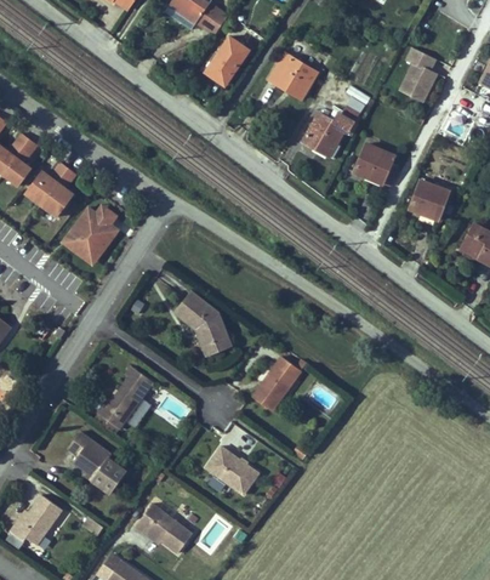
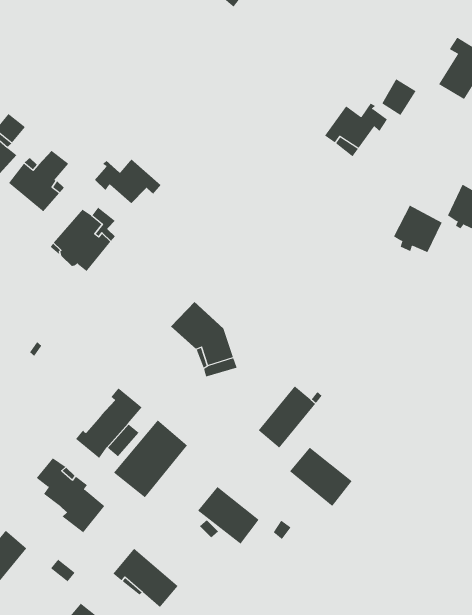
building: [204,38,250,89] -> none
building: [266,52,314,93] -> none
building: [349,138,391,178] -> [393,205,443,253]
building: none -> [94,159,162,204]
building: none -> [113,419,188,498]
building: none -> [289,447,352,507]

